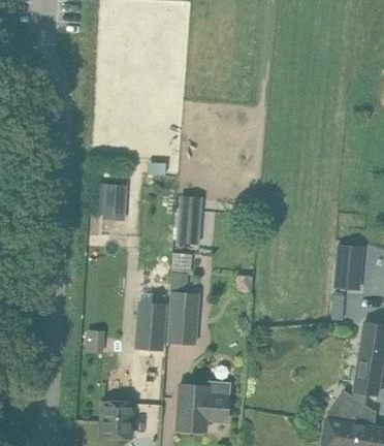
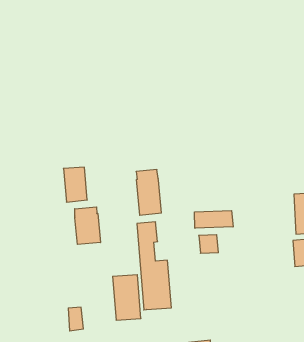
building: none -> [75,207,100,244]
building: none -> [195,211,233,228]

